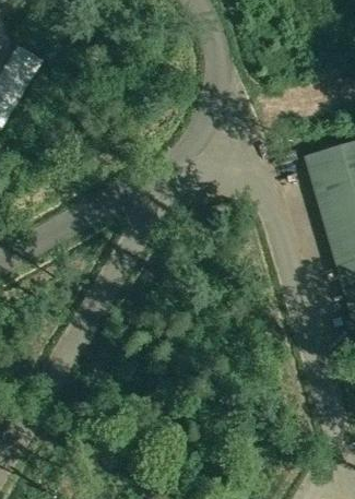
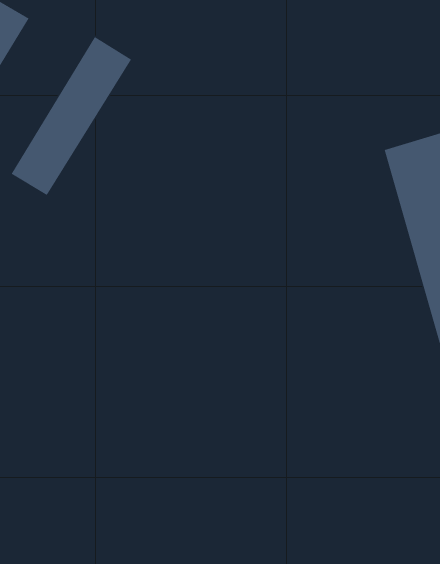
building: none -> [11,36,132,196]

